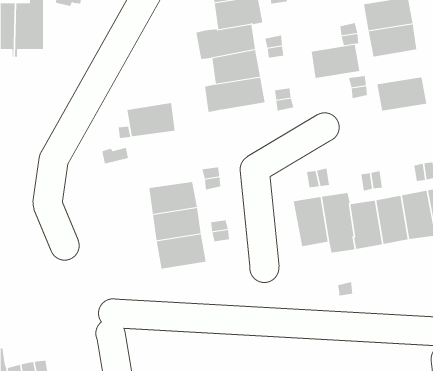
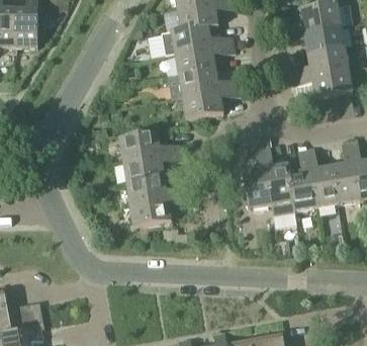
building: [311,44,360,79] -> [308,47,349,75]
building: [126,102,176,137] -> [120,132,161,160]
building: none -> [183,90,223,118]

